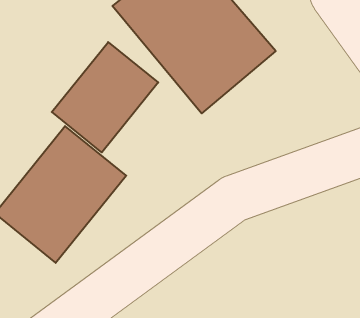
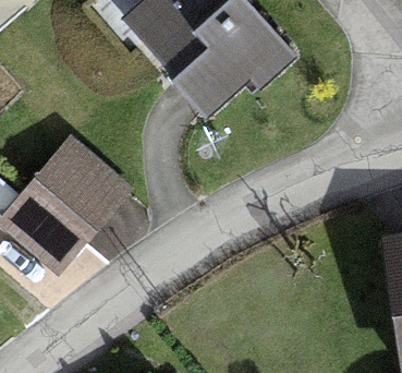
building: [52,42,158,152] -> none

